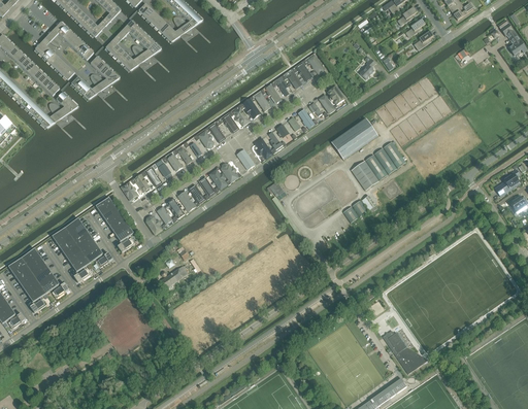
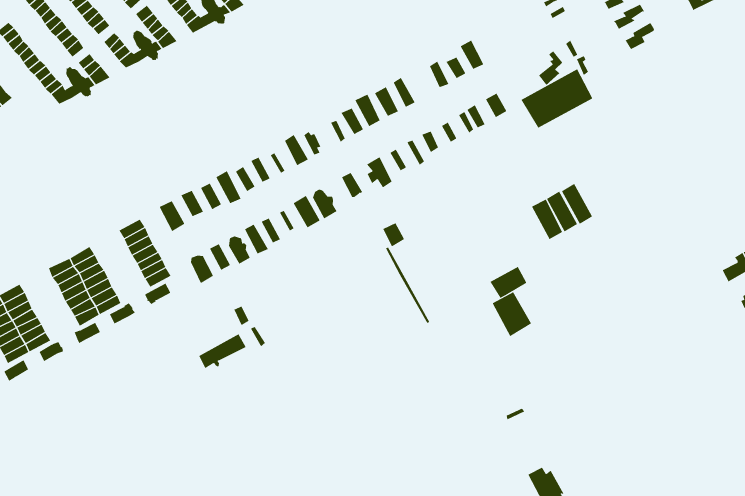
building: [330,115,377,158] -> [521,69,593,128]
building: [351,160,378,190] -> [492,292,532,337]

